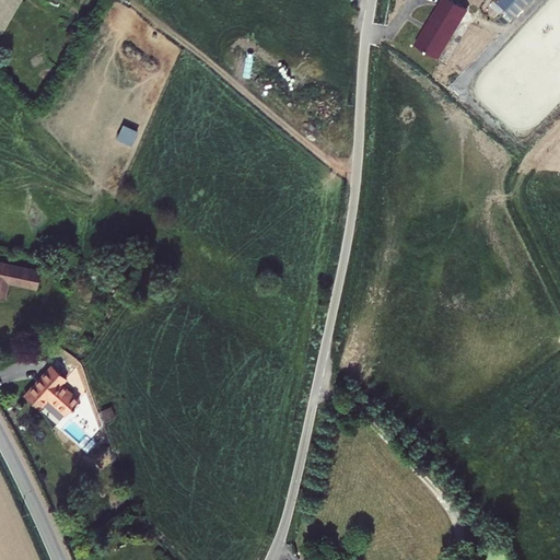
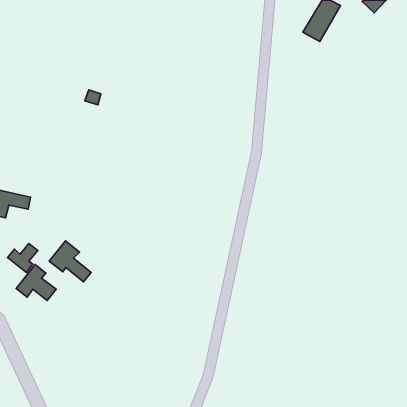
building: none -> [49,241,91,282]
building: none -> [8,243,38,273]

